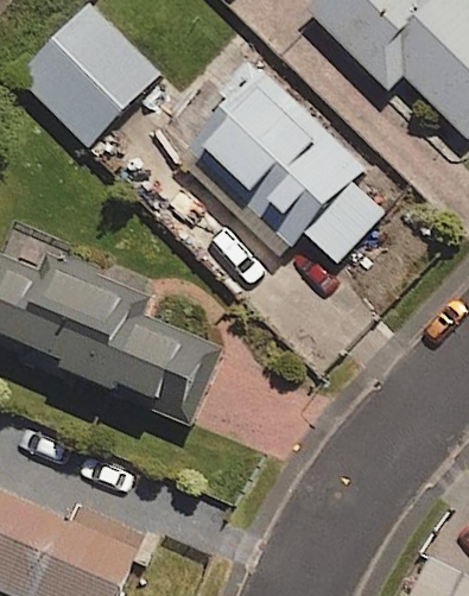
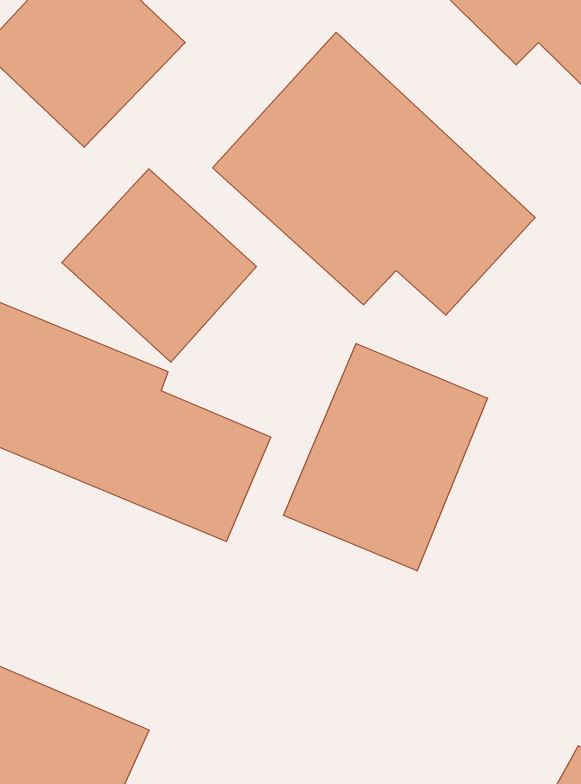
building: none -> [62,169,256,362]
building: none -> [283,343,488,571]

